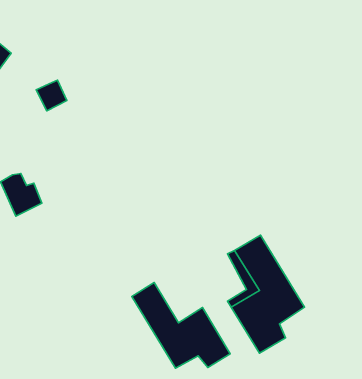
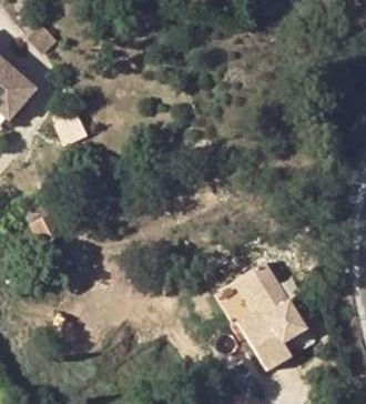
building: [132,283,230,368] -> none

